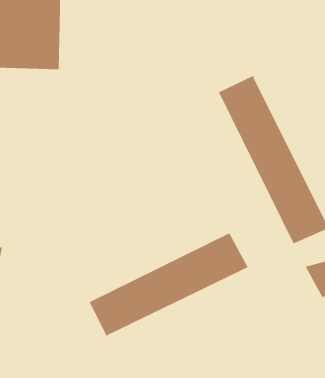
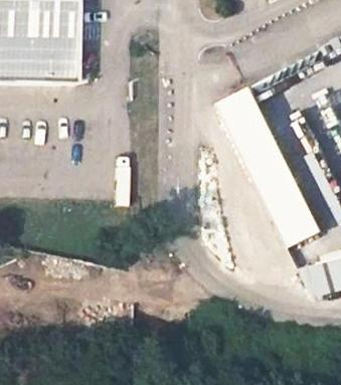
building: [89,232,249,337] -> none

